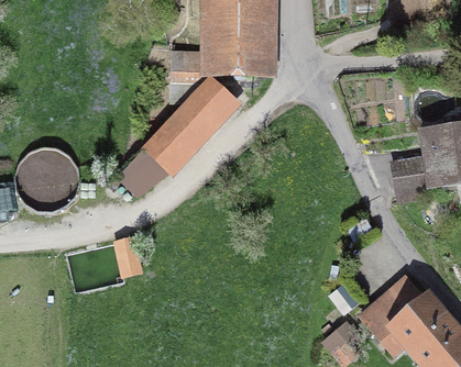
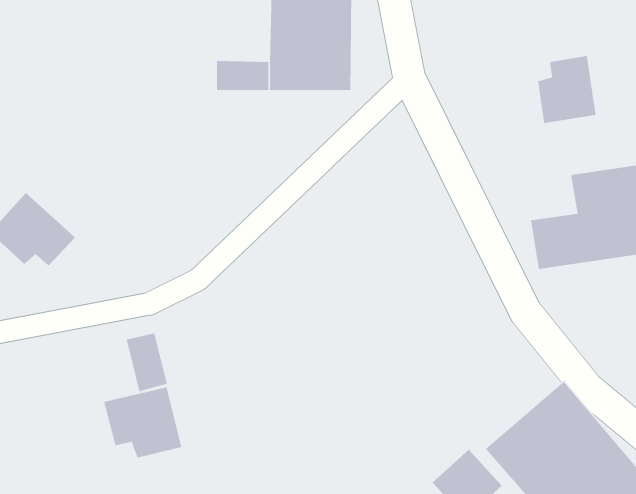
building: none -> [537,55,596,124]
building: [121,80,230,190] -> none
building: none -> [103,386,182,458]

